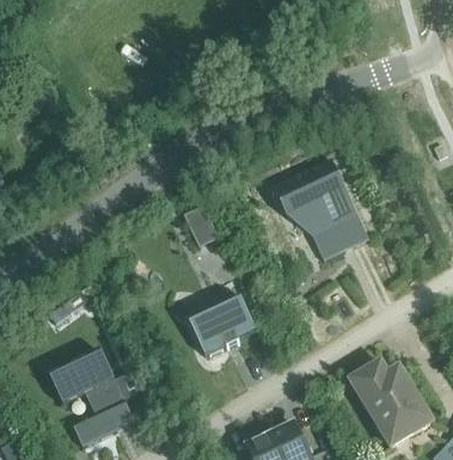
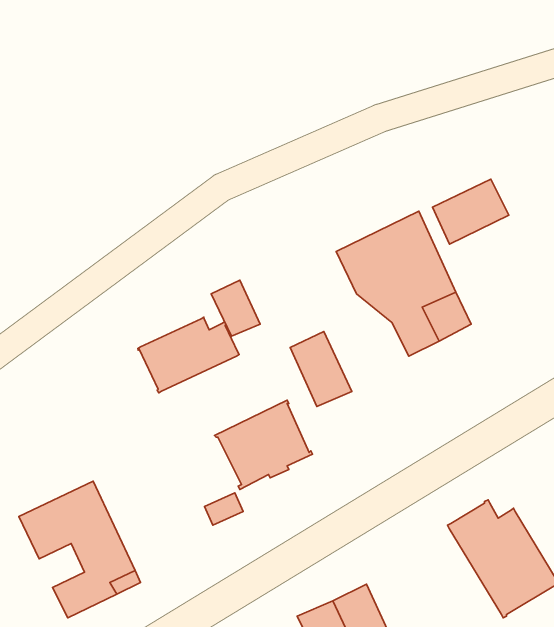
building: none -> [432,179,509,244]
building: none -> [138,317,239,393]
building: none -> [290,332,352,406]

